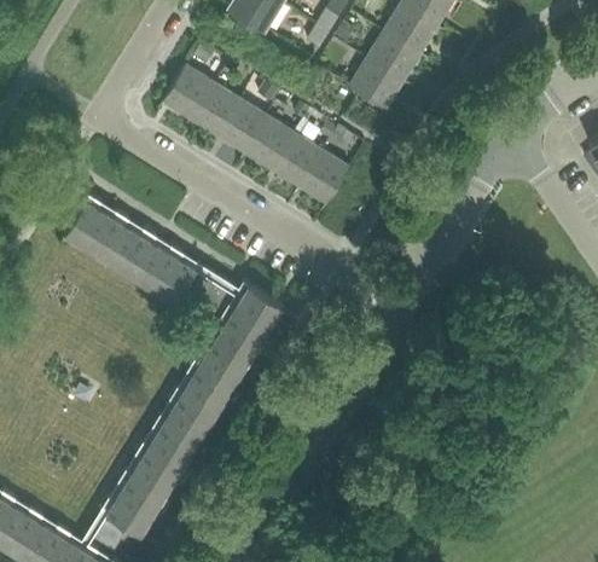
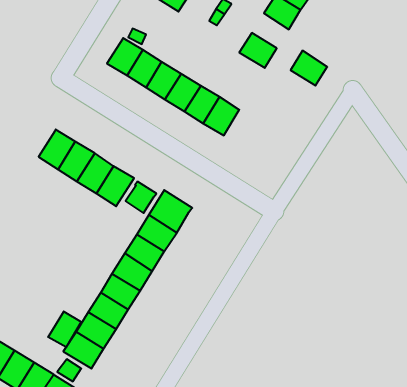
building: [368,31,420,81] -> [291,51,327,86]
building: none -> [48,311,81,347]

